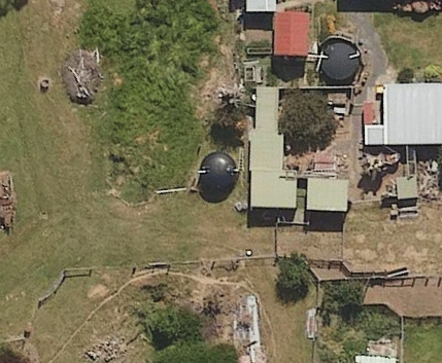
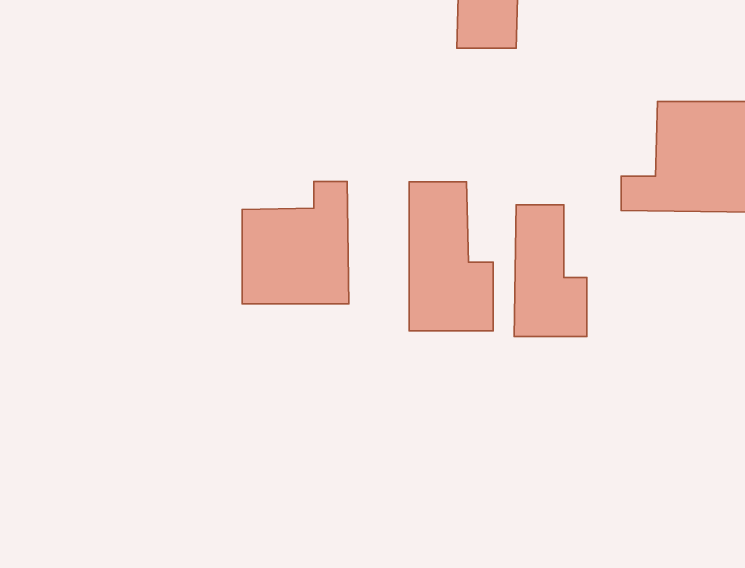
building: none -> [242,182,349,304]

